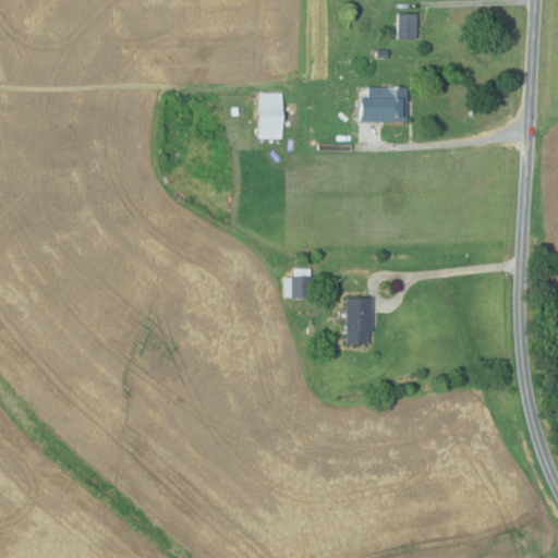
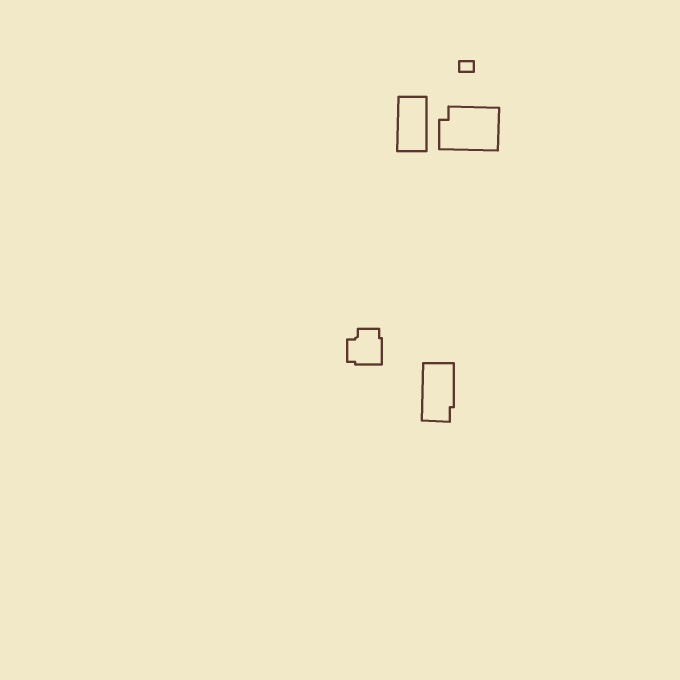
building: [398,14,417,39] -> none
building: [258,94,282,138] -> [397,97,426,151]

